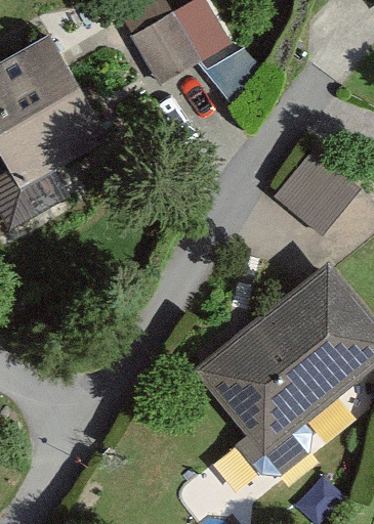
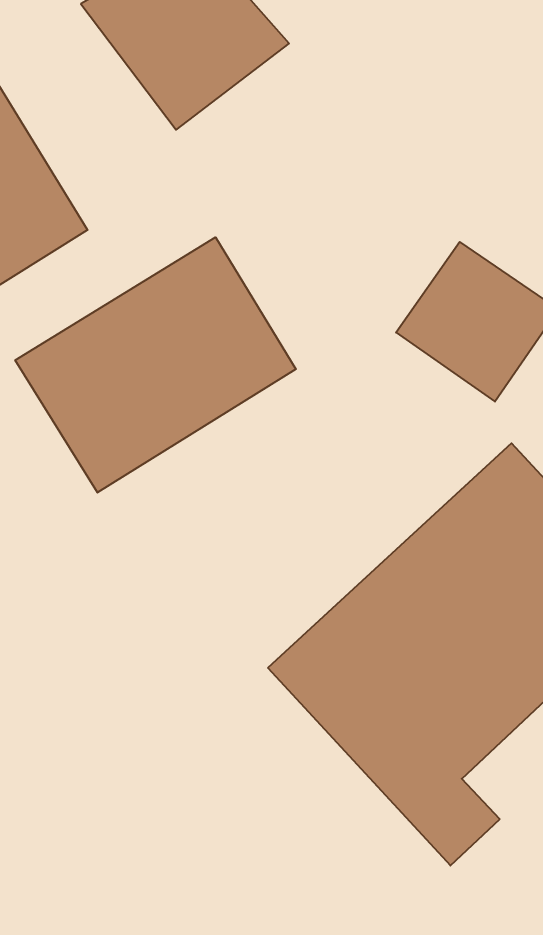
building: none -> [15,237,296,493]

